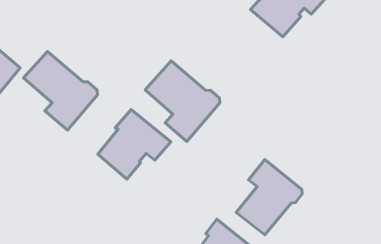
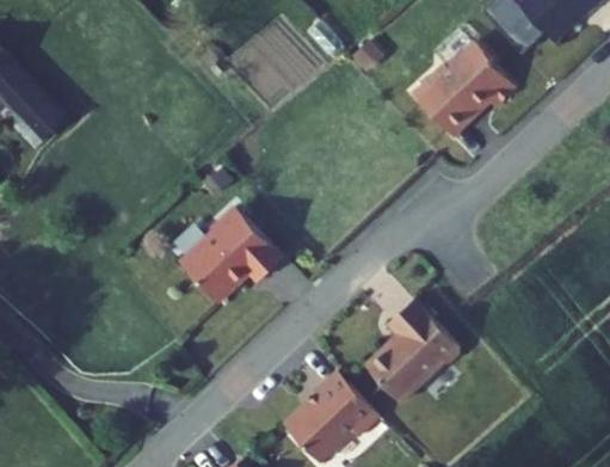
building: [23,51,98,130] -> none
building: [145,61,220,142] -> none

